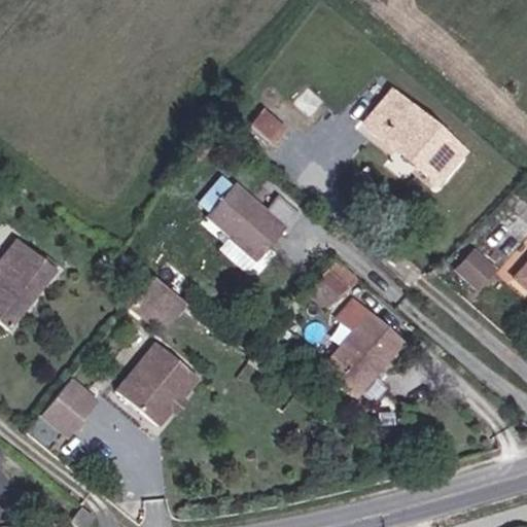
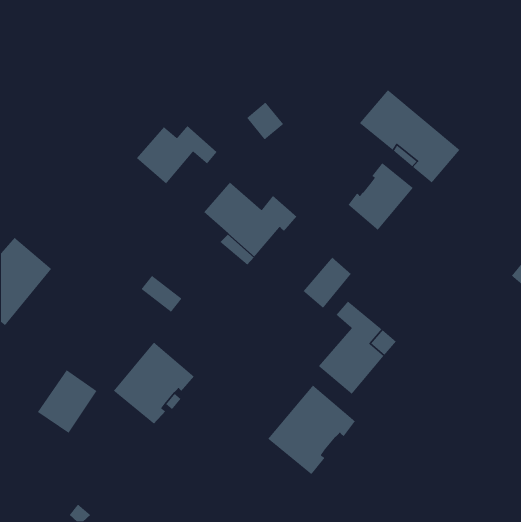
building: none -> [136,125,218,184]
building: none -> [347,162,414,231]
building: [455,248,497,289] -> none
building: none -> [267,385,356,475]

